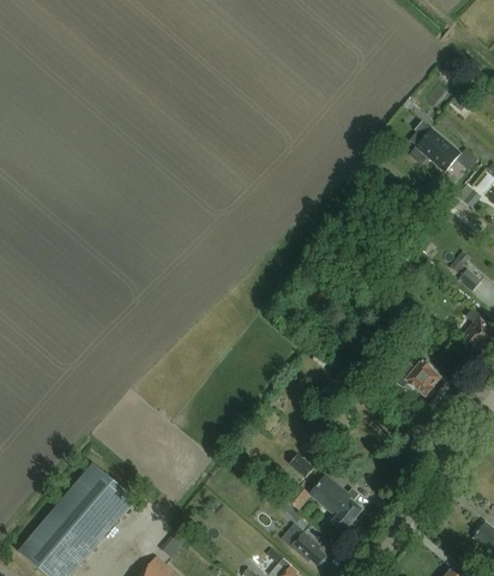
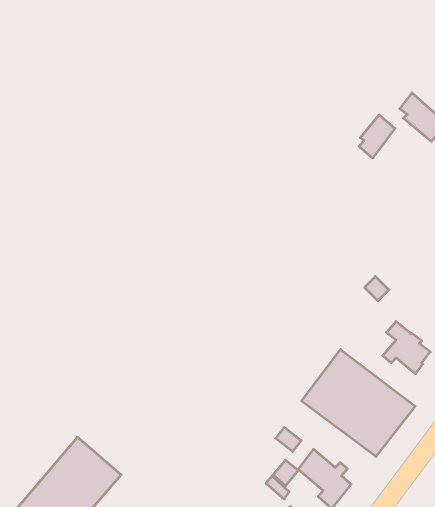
building: none -> [359,115,395,158]
building: none -> [302,349,415,457]

